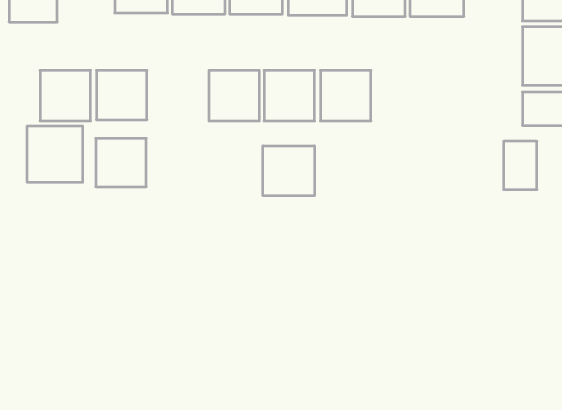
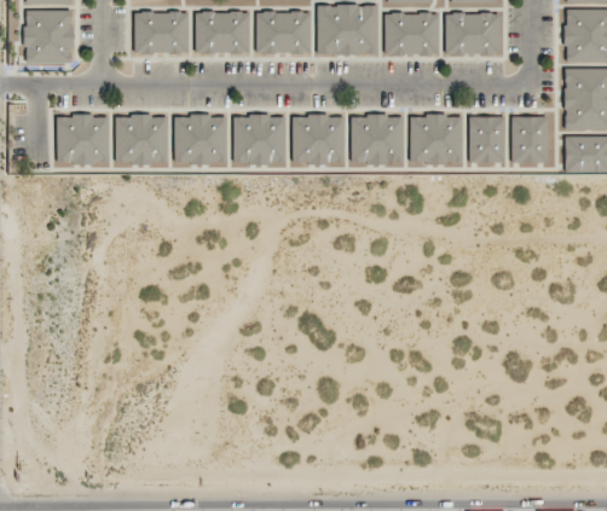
building: none -> [411,115,464,168]
building: none -> [470,117,507,167]
building: [27,126,83,182] -> none
building: [96,138,146,187] -> [175,116,229,167]
building: [504,141,537,190] -> [513,117,548,168]
building: [263,146,314,196] -> none

